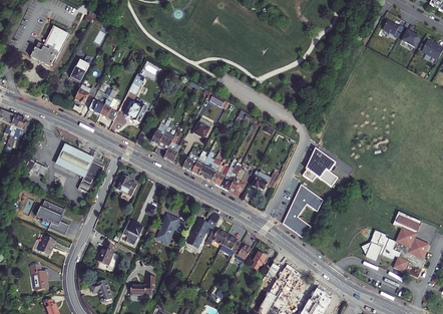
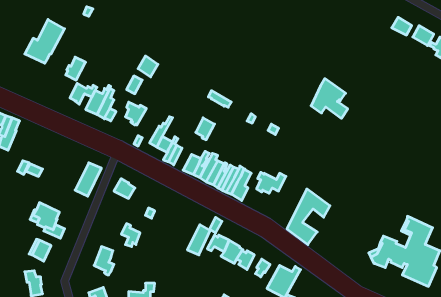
building: [56,142,94,177] -> none
building: [302,148,337,187] -> [311,79,348,118]
building: [155,216,183,245] -> none

